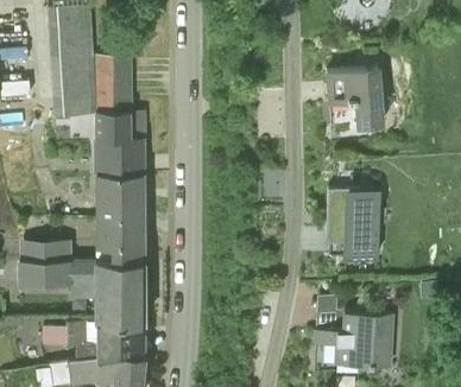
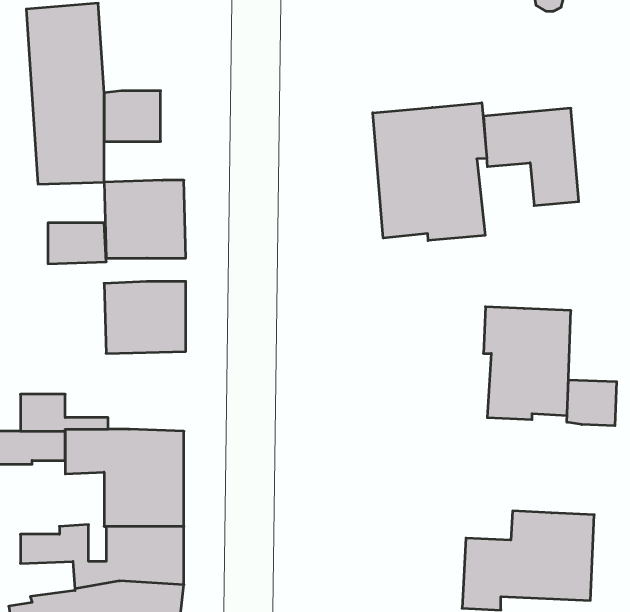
building: none -> [373,103,487,241]
building: [95,90,131,115] -> [48,223,106,264]
building: [96,218,145,267] -> none
building: none -> [567,380,617,426]

